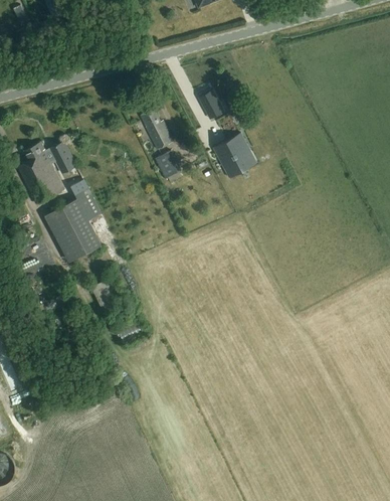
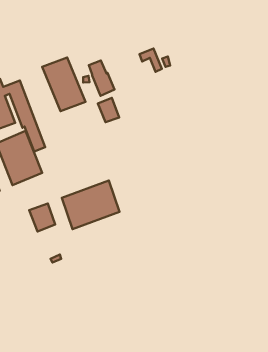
building: none -> [42,57,85,111]
building: [213,134,255,177] -> none
building: none -> [62,180,120,229]

